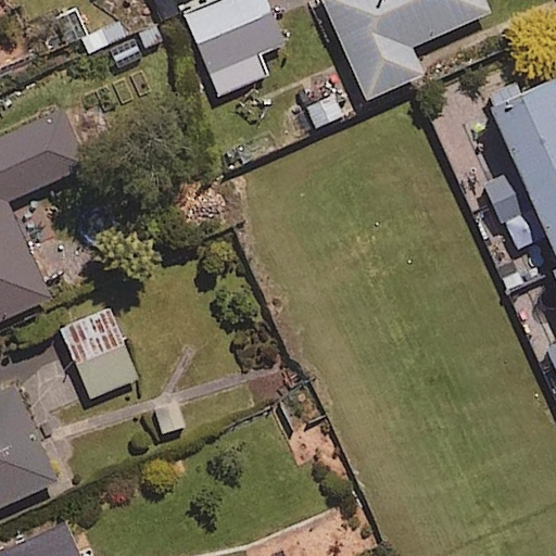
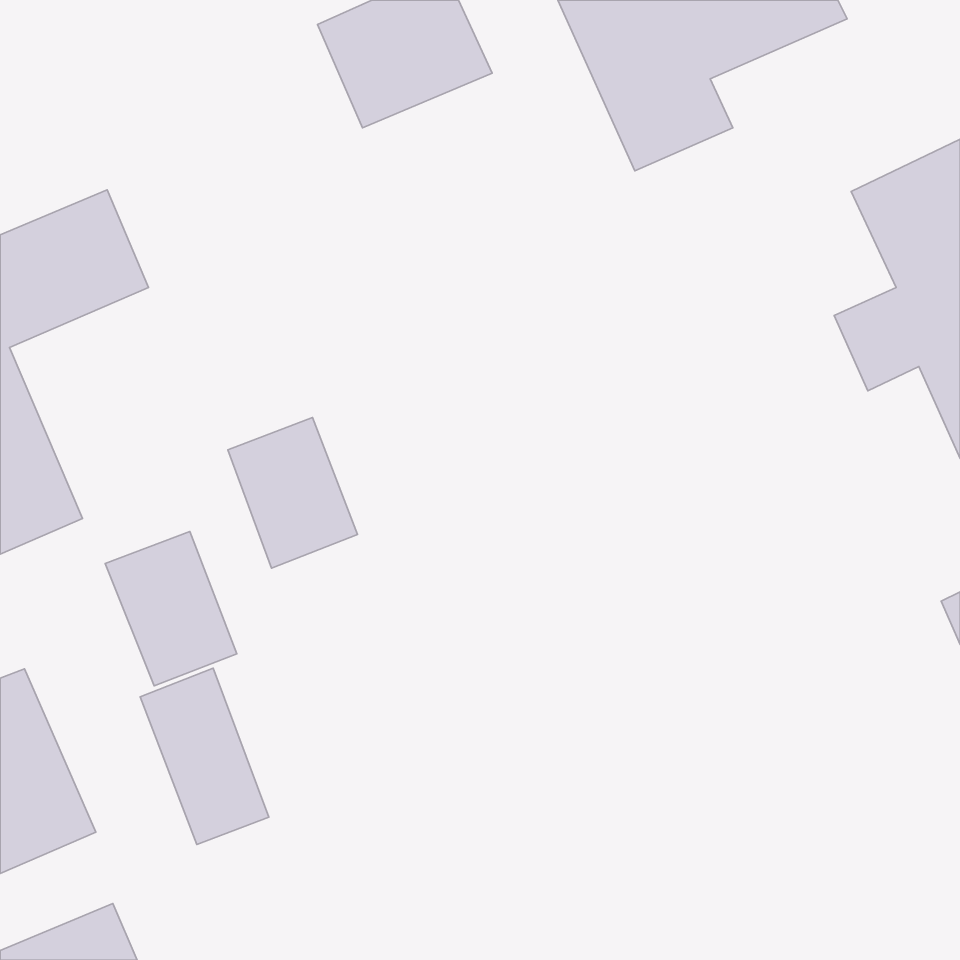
building: none -> [228,418,357,568]
building: none -> [140,668,269,845]

